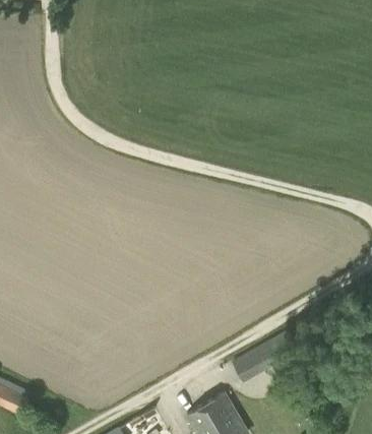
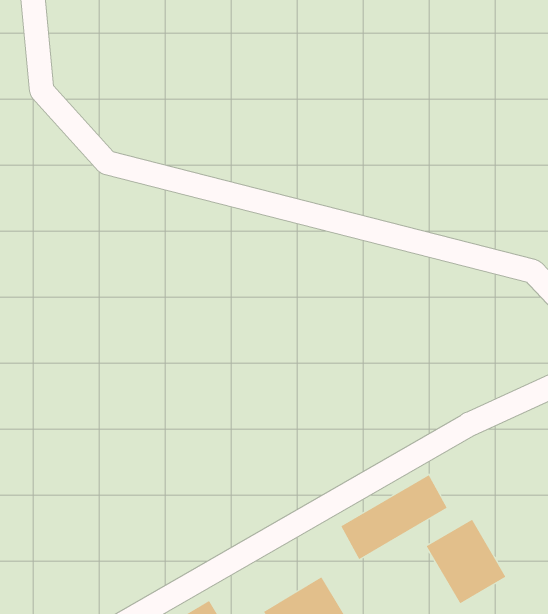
building: none -> [426,519,506,604]

